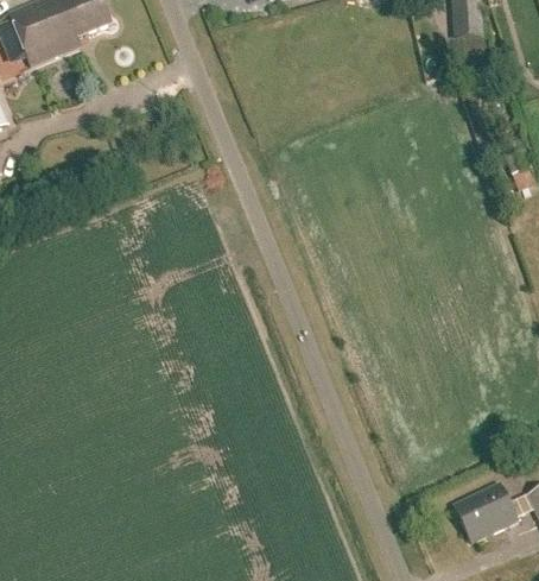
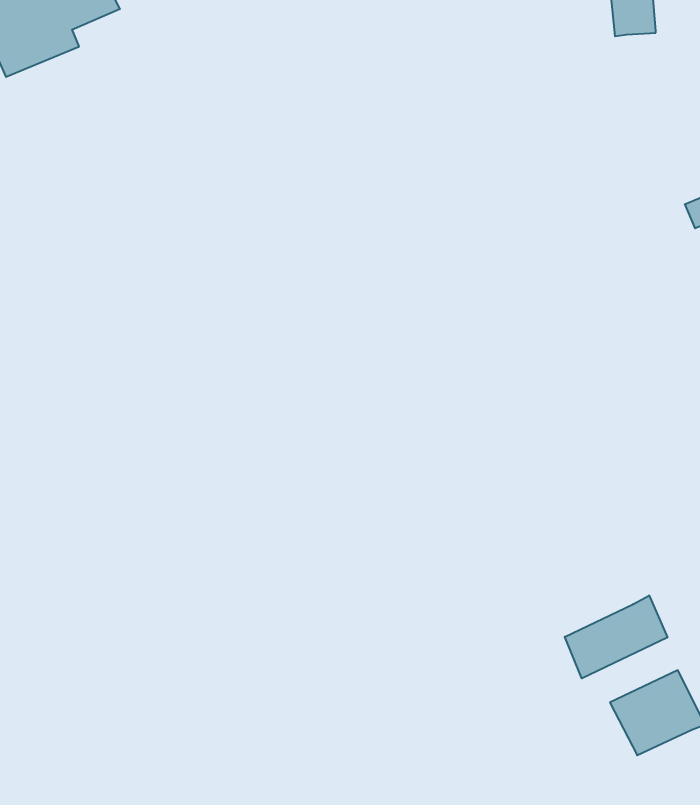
building: none -> [565,595,667,678]

